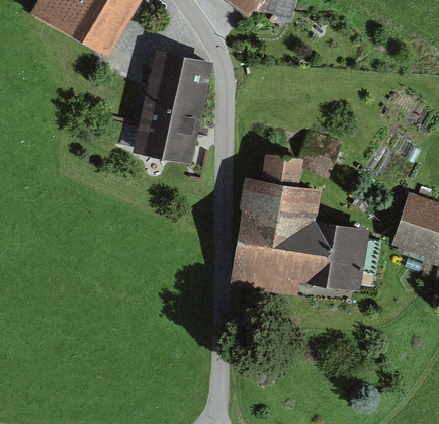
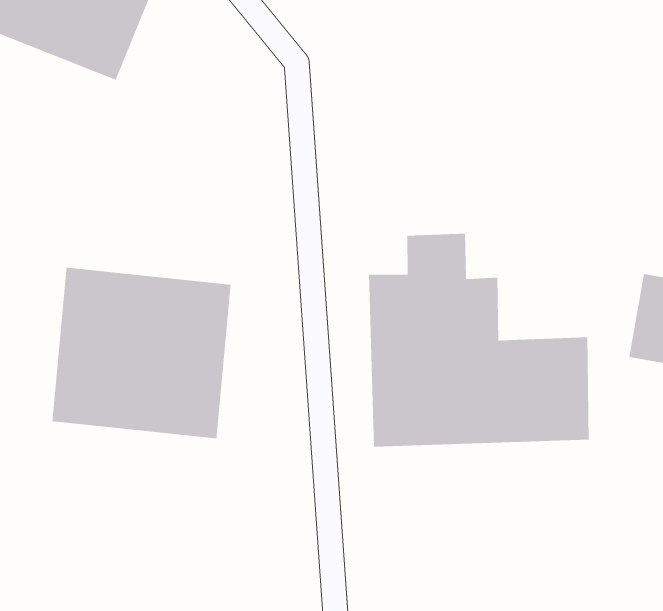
building: [131,49,211,164] -> none
building: none -> [52,267,231,439]

